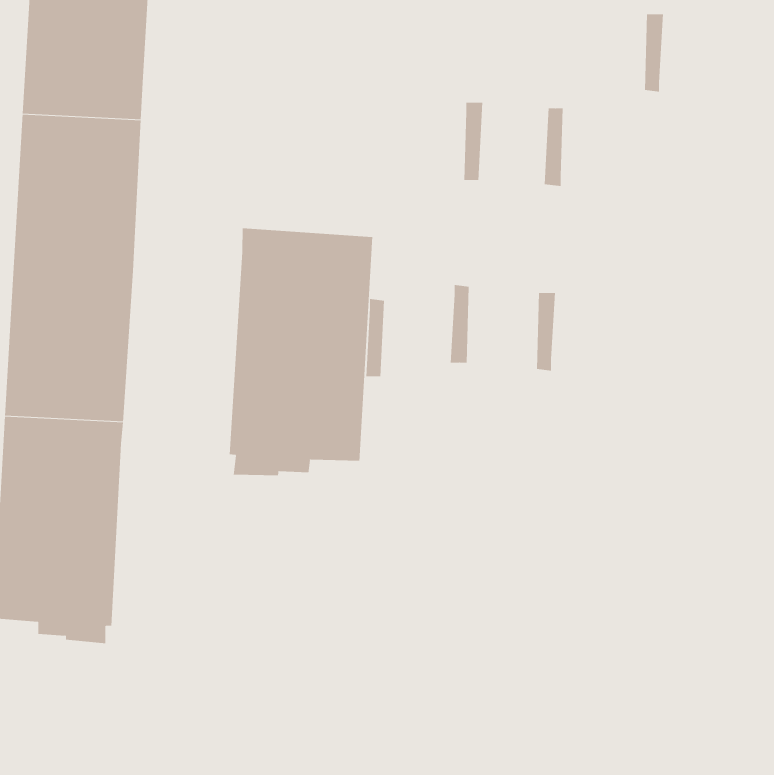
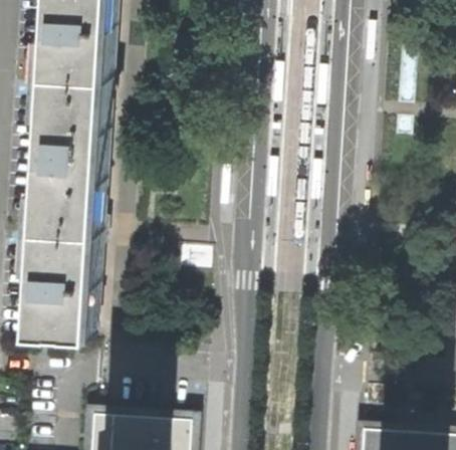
building: [229,228,373,476] -> none

